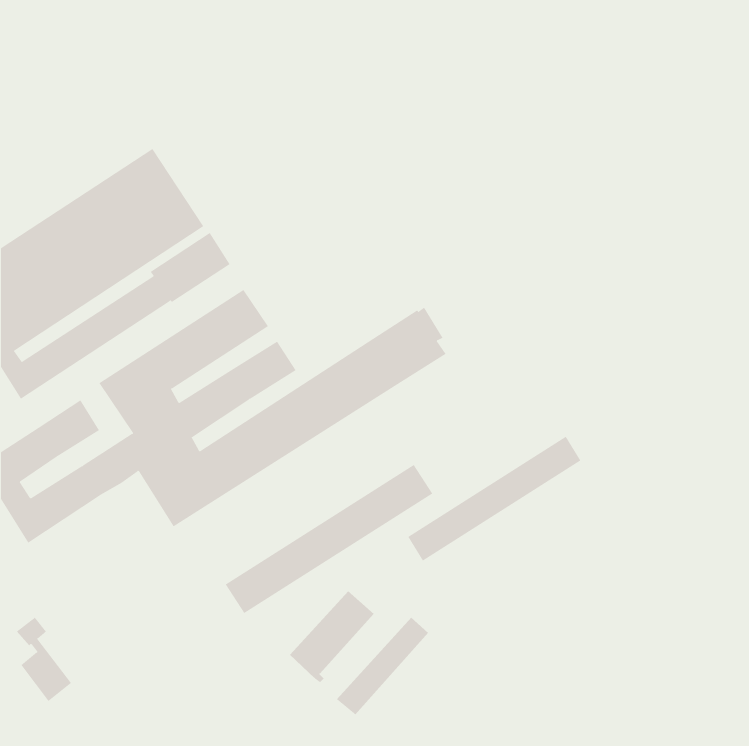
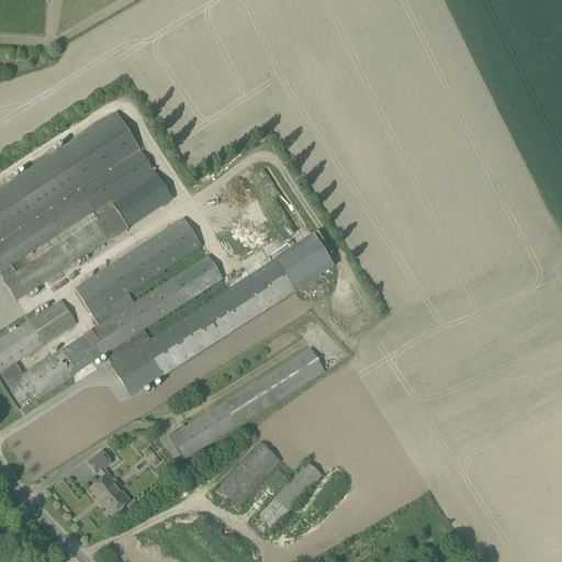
building: [407,436,581,561] -> none
building: [16,617,72,702] -> [88,450,130,514]

